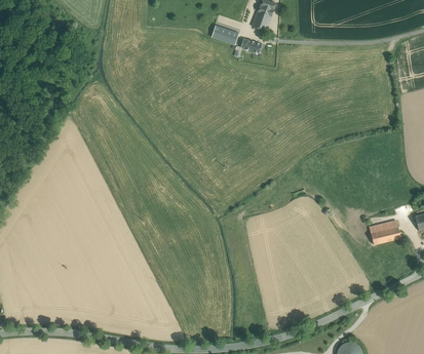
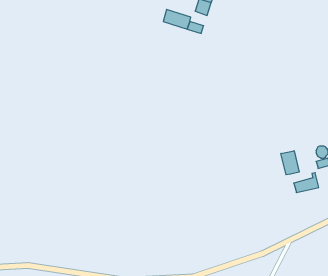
building: none -> [281,151,299,175]

